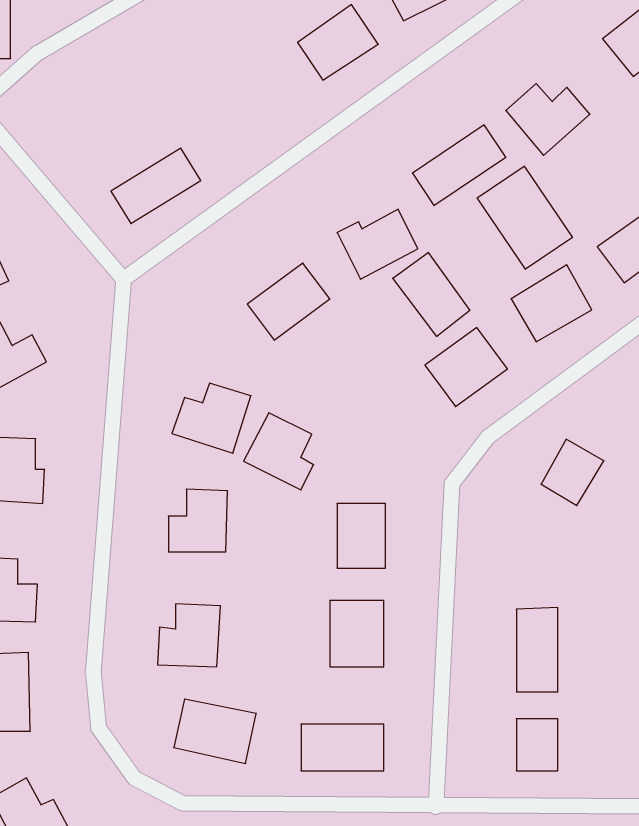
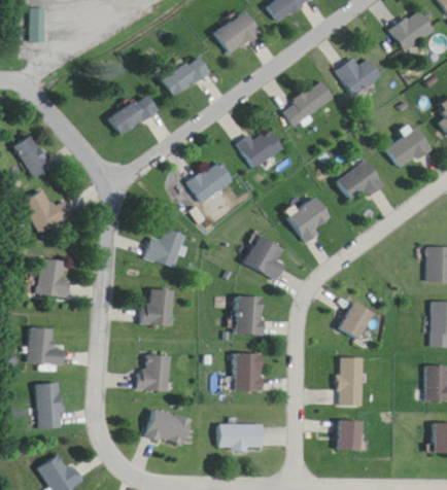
building: none -> [160,55,209,97]
building: [477,166,572,269] -> none
building: [393,252,470,336] -> none
building: [244,413,314,490] -> [244,235,284,279]
building: [541,439,604,506] -> [339,301,375,339]

